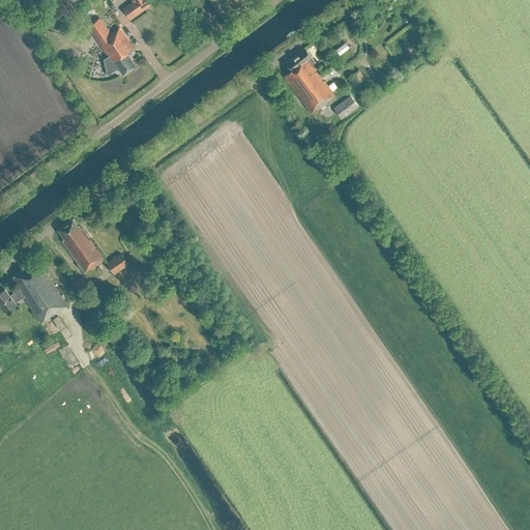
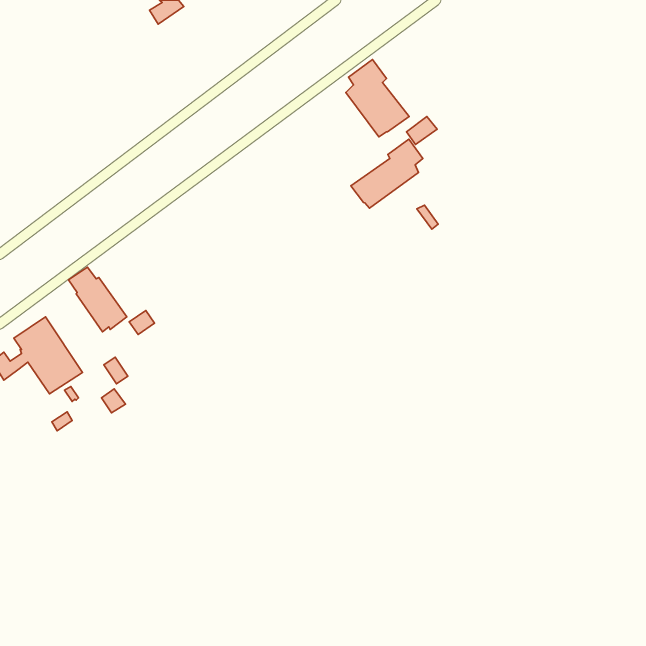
building: [86,19,134,76] -> none
building: none -> [351,139,423,208]

